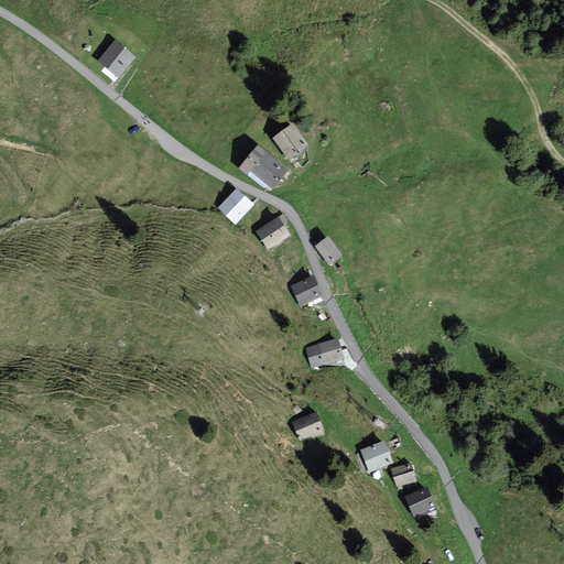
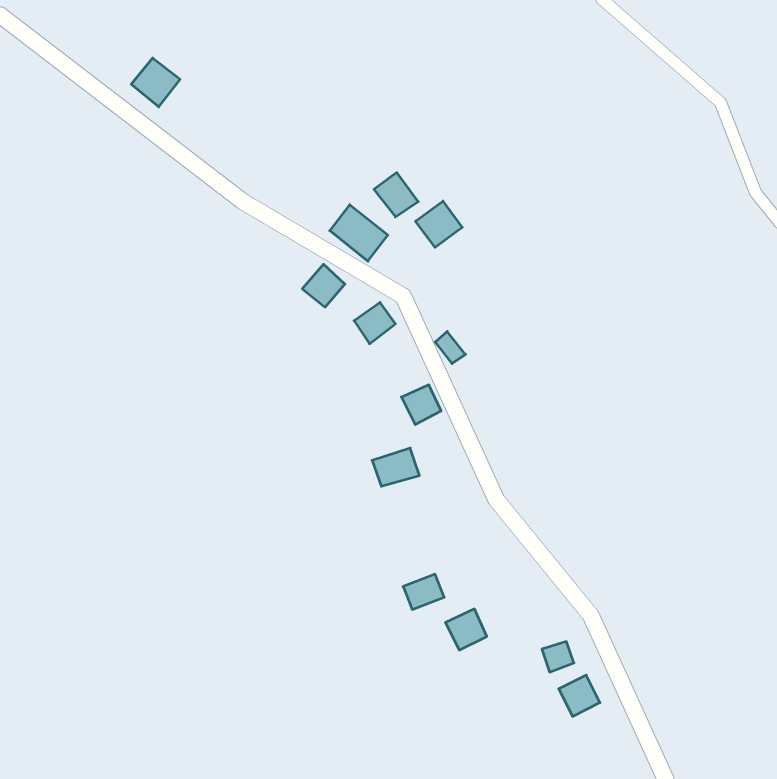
building: none -> [416,201,462,247]
building: [307,340,341,368] -> [372,448,419,486]
building: [360,441,390,470] -> [445,609,487,650]

